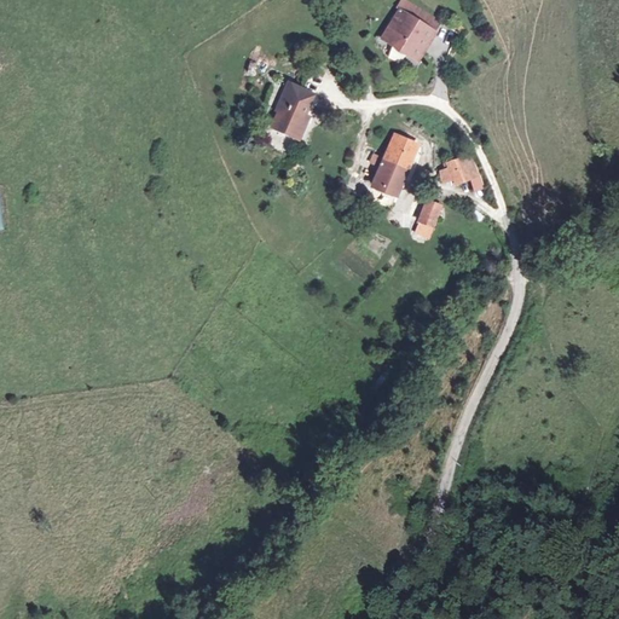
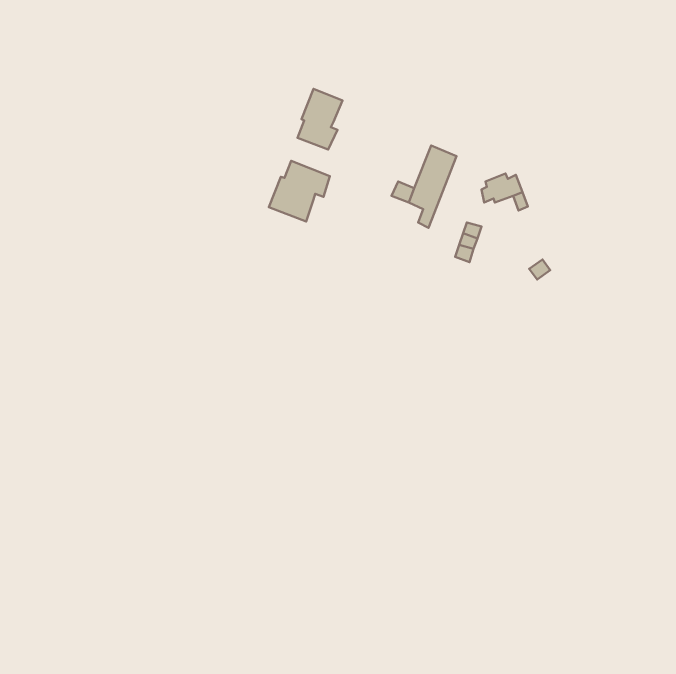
building: [381,8,434,60] -> none
building: none -> [269,161,330,221]

